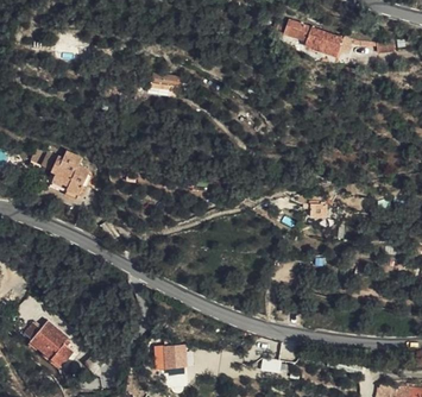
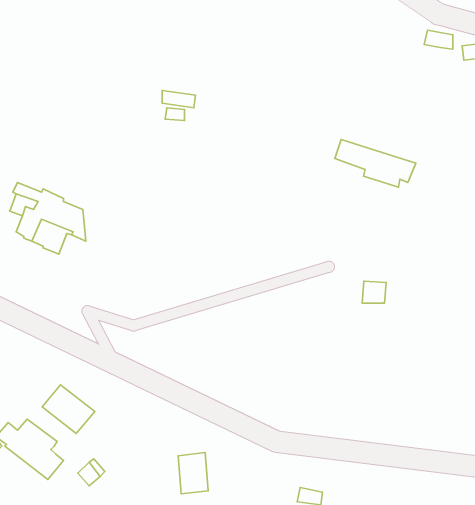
building: [283,21,344,57] -> [335,139,416,187]
building: none -> [42,385,95,434]

